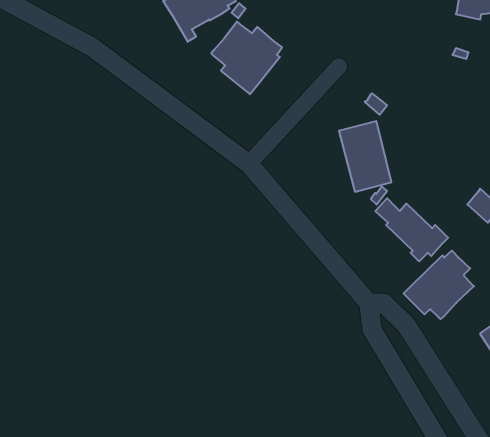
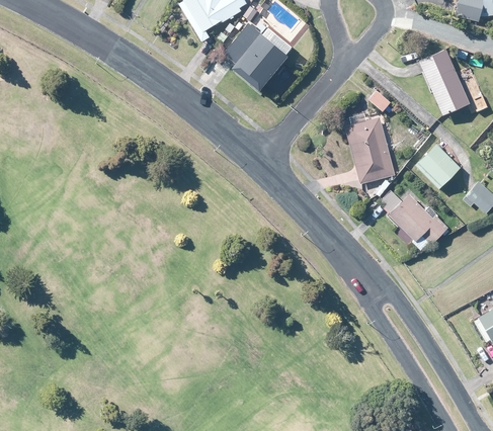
building: none -> [419,50,469,114]
building: none -> [415,144,460,188]
building: [404,251,474,319] -> none

